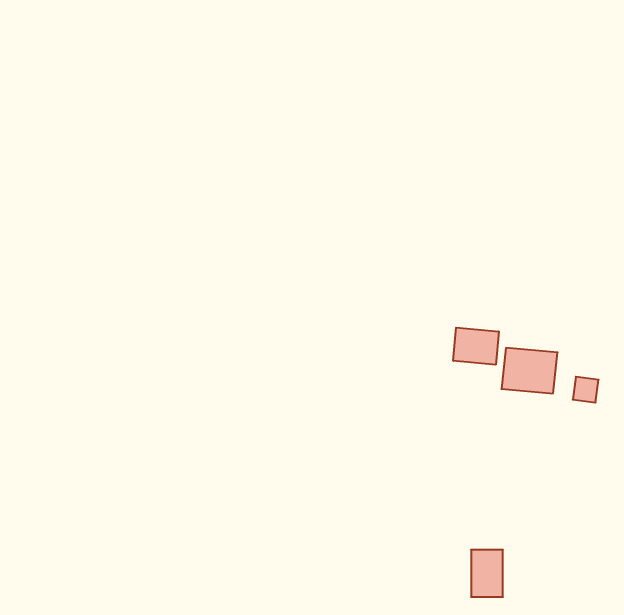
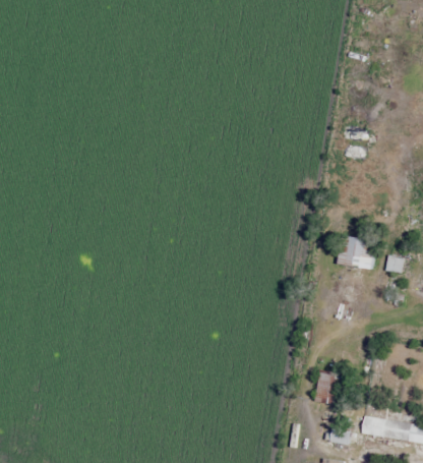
building: [453,328,499,365] -> none

